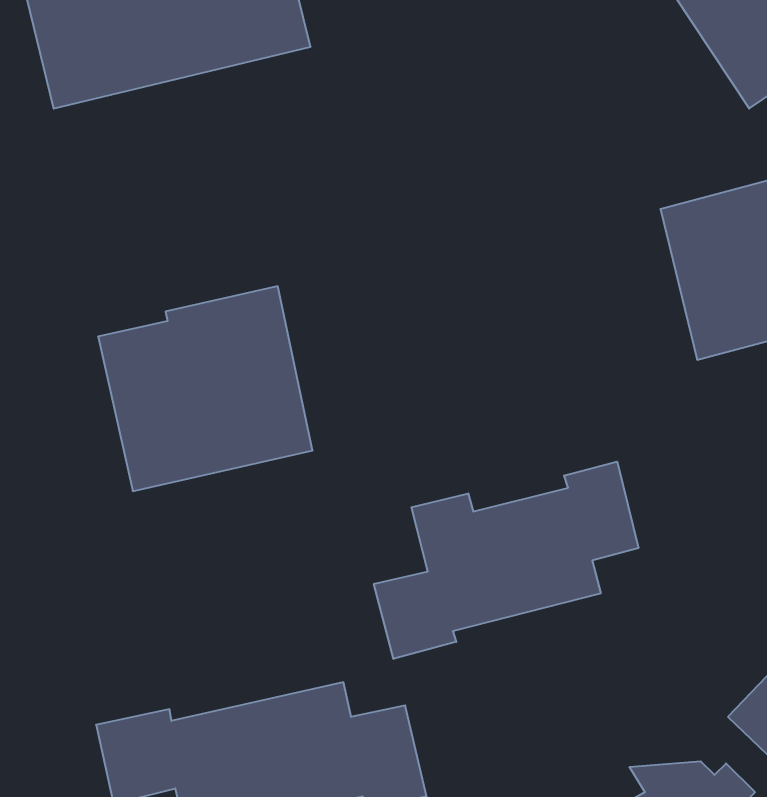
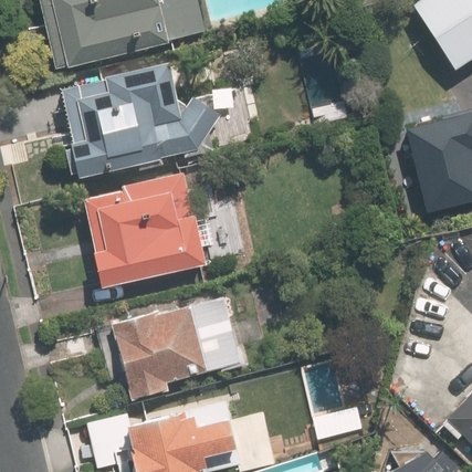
building: none -> [60,63,221,179]
building: [374,462,638,659] -> none
building: none -> [111,295,239,399]

